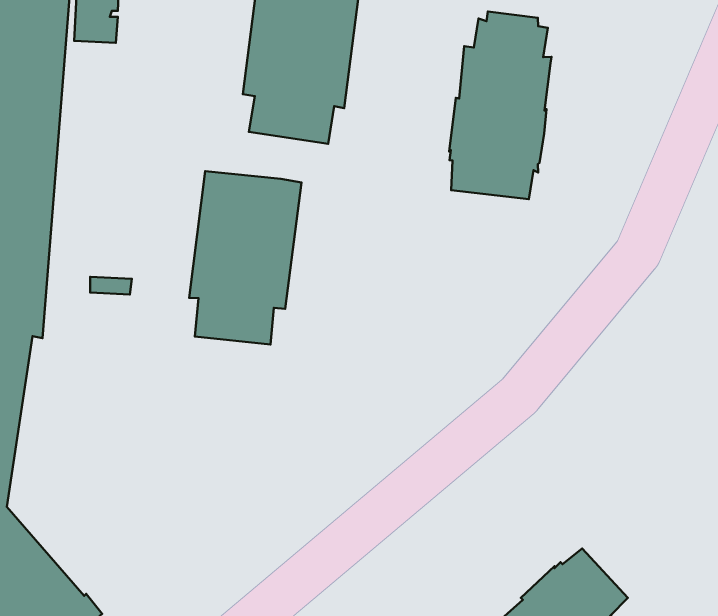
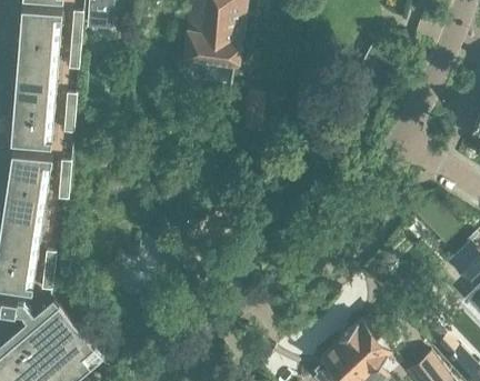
building: [449,12,552,199] -> none
building: [189,171,301,344] -> none

